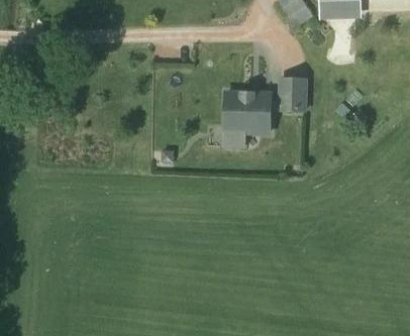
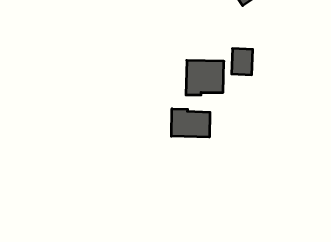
building: none -> [171,109,210,137]

